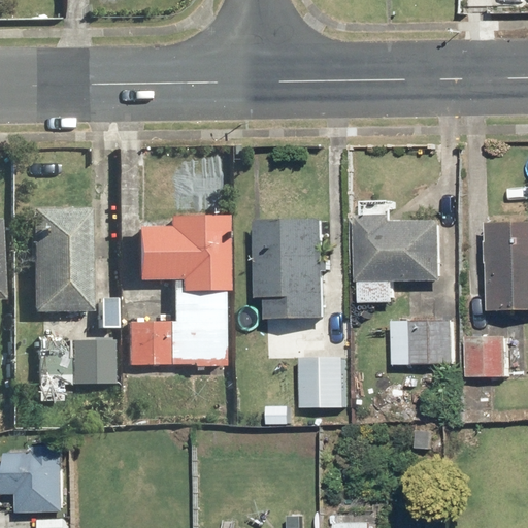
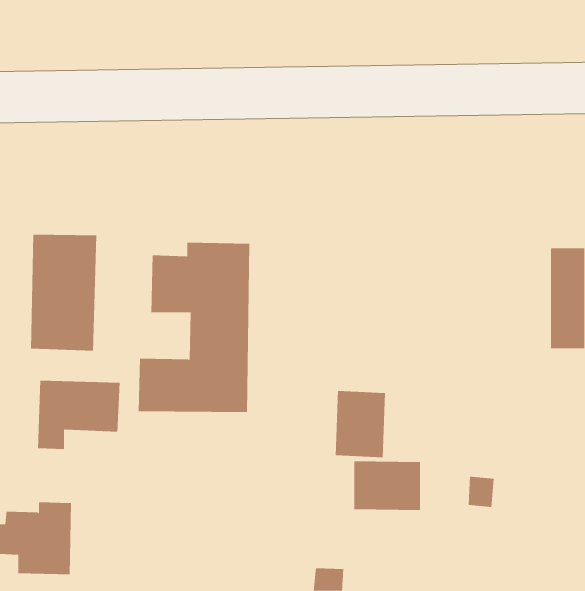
building: [355,214,443,303] -> none
building: [255,218,325,318] -> none
building: [392,319,452,363] -> [354,461,421,511]
building: [466,336,505,377] -> none

